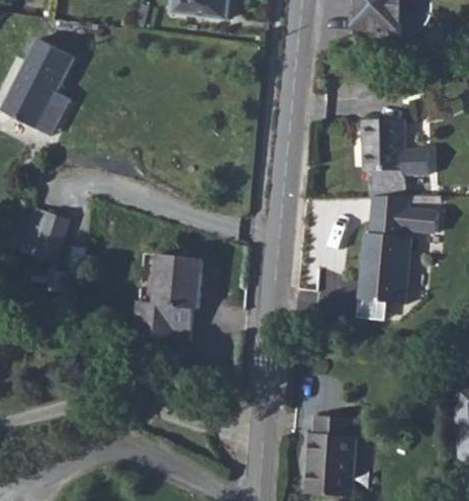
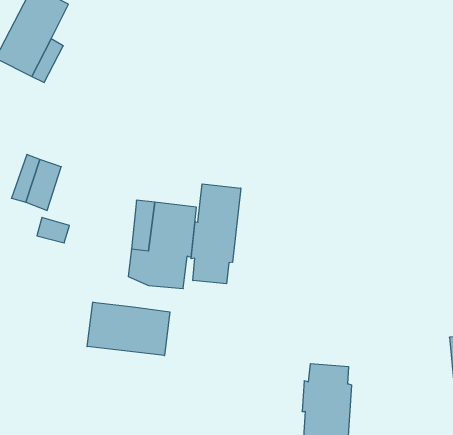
building: [364,118,429,186] -> none
building: [359,194,438,317] -> none
building: none -> [191,184,241,284]
building: none -> [87,302,170,356]

